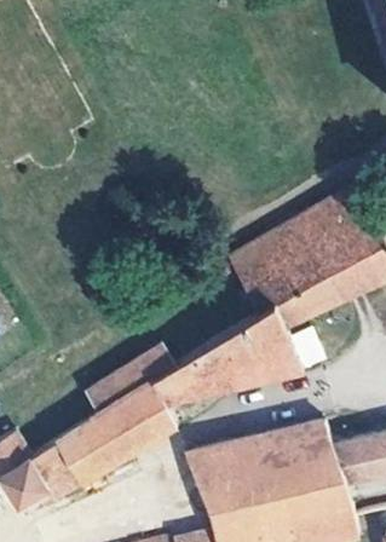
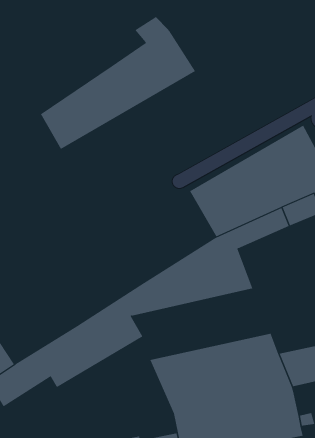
building: none -> [40,16,196,150]
building: [87,346,172,414] -> none

